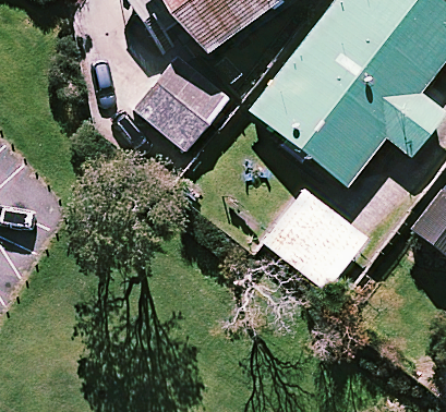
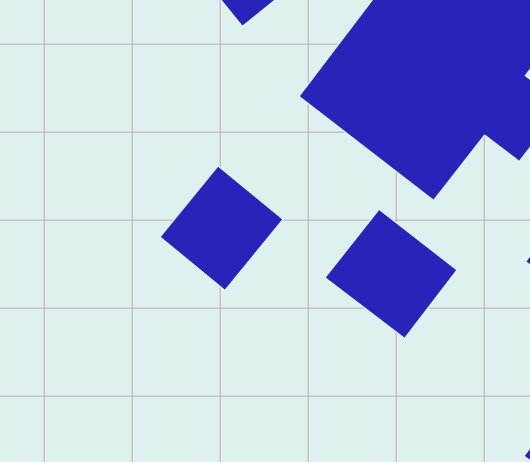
building: [138,57,231,150] -> [160,166,283,290]

